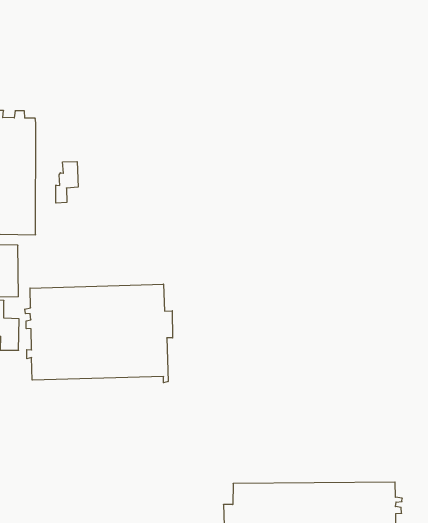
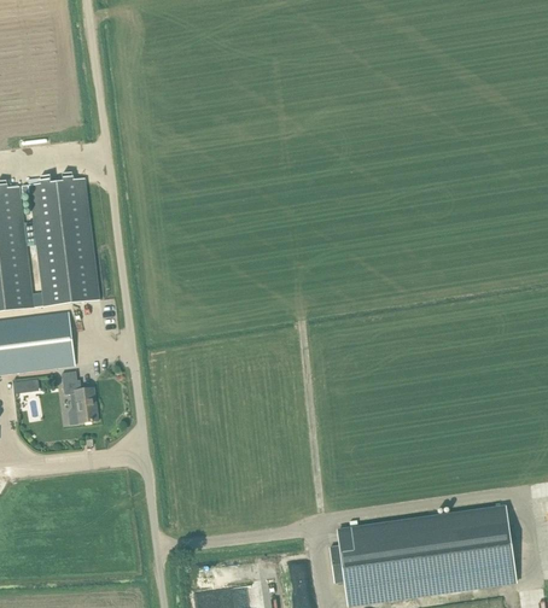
building: [56,162,78,203] -> none
building: [25,284,173,383] -> none

